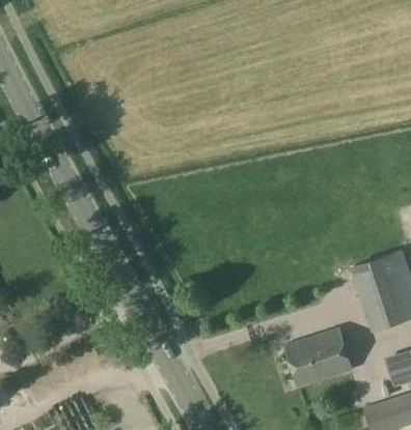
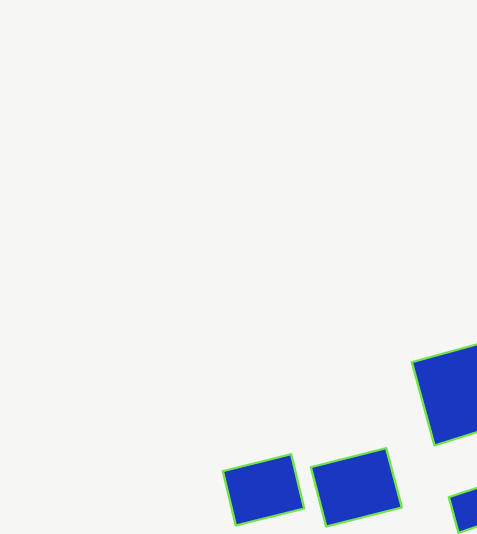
building: none -> [223,454,304,525]

